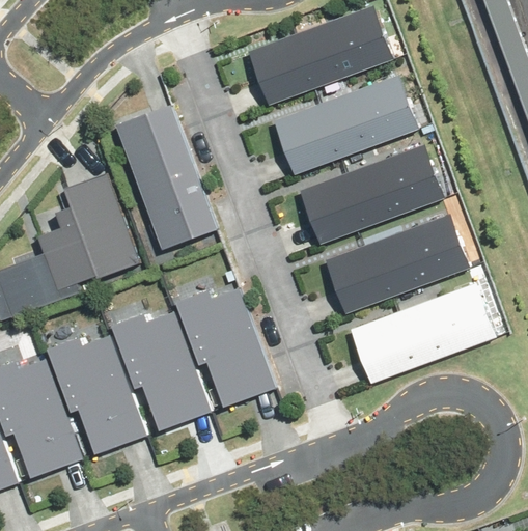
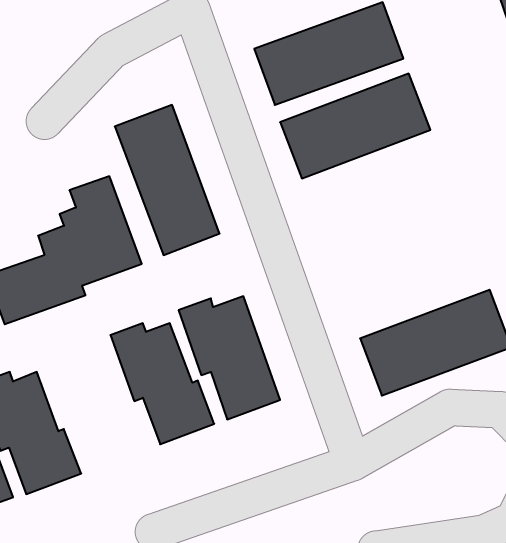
building: [300,145,442,244] -> none
building: [326,215,468,313] -> none
building: [47,338,147,454] -> none

